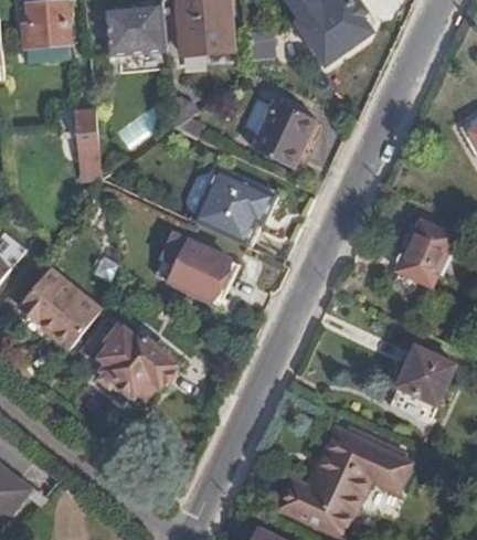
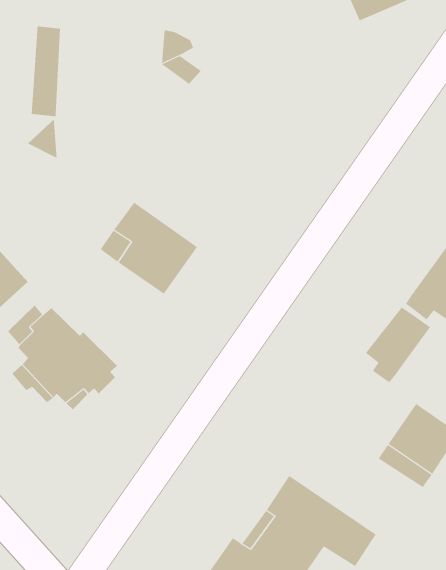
building: [250,96,314,165] -> none
building: [195,170,277,247] -> none
building: none -> [365,306,431,383]

